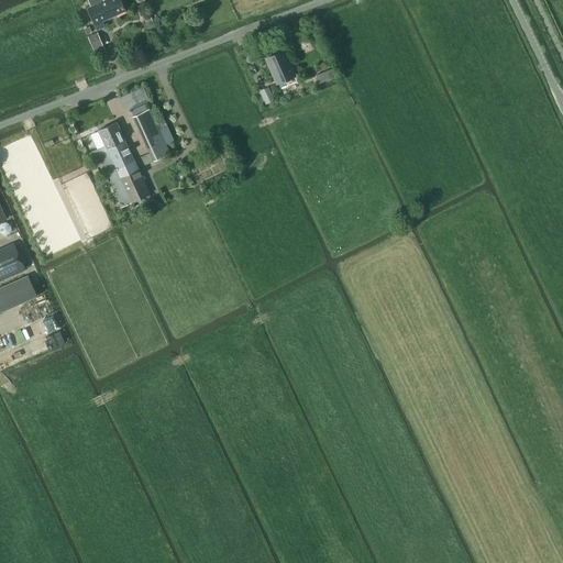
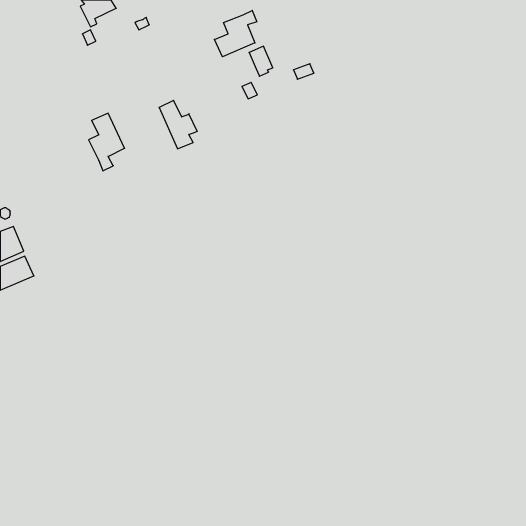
building: none -> [214,10,257,57]
building: [133,108,174,159] -> [159,100,197,149]
building: [110,158,150,206] -> none

